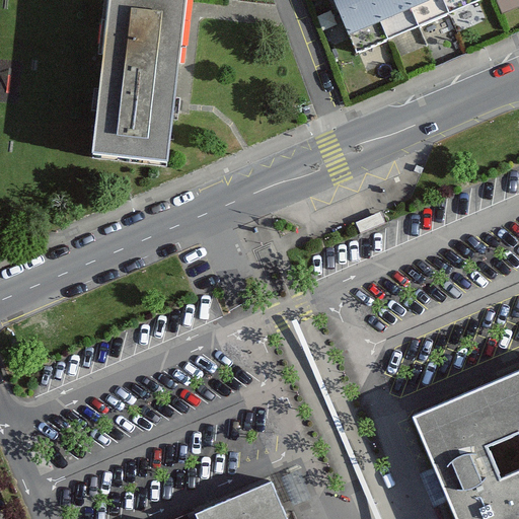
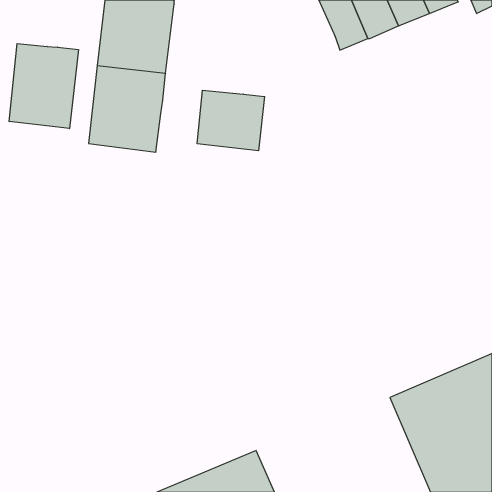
building: none -> [9,44,78,129]
building: none -> [197,90,265,151]

